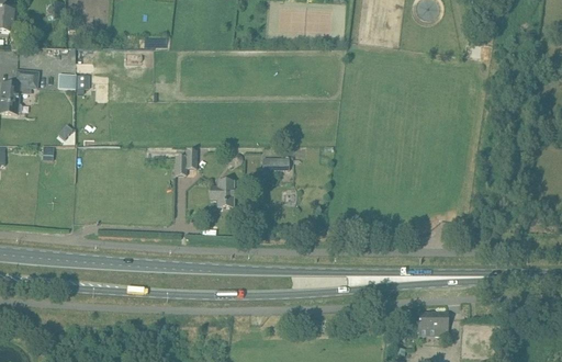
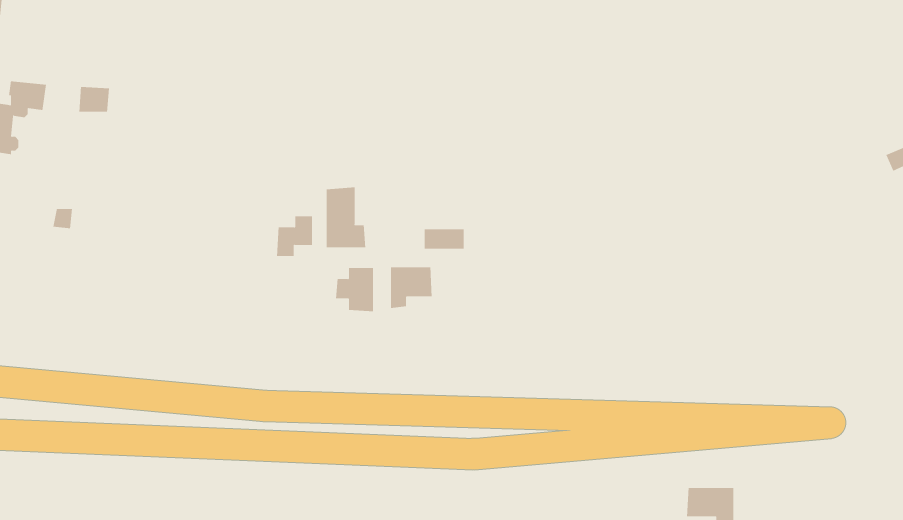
building: none -> [326,187,366,248]
building: none -> [391,266,432,309]

